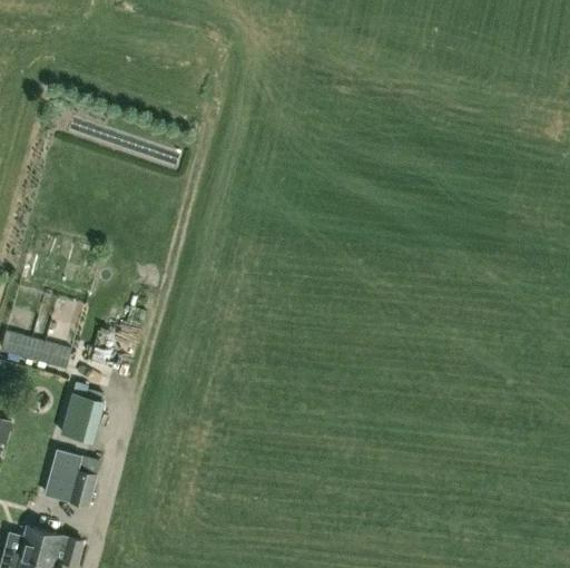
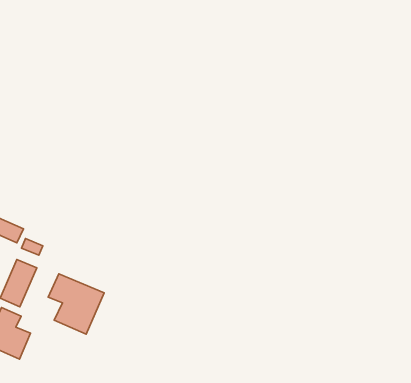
building: none -> [48,274,104,334]

